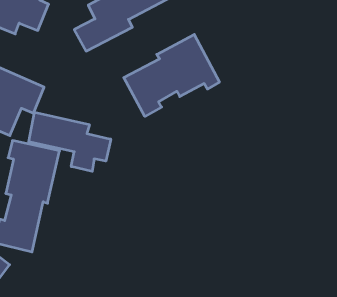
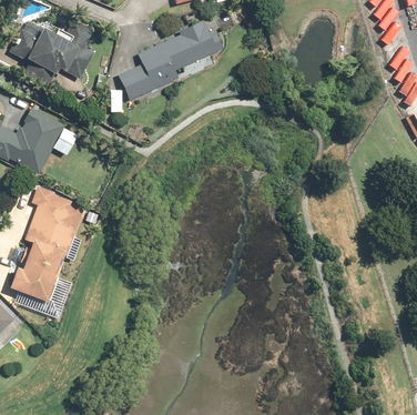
building: [124,34,219,116] -> none
building: [29,112,111,171] -> none

